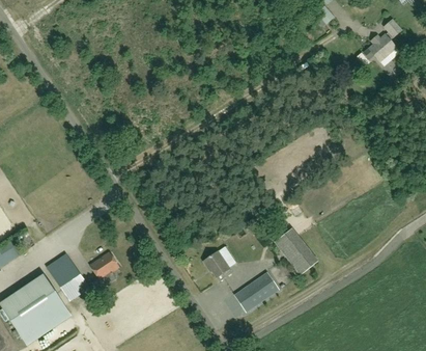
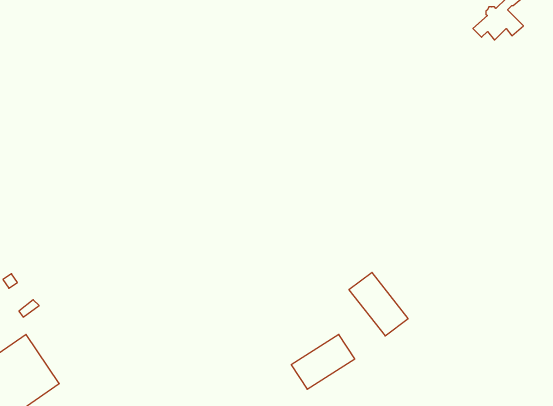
building: [89,251,119,287] -> none
building: [203,251,231,281] -> none
building: [47,253,89,300] -> none

